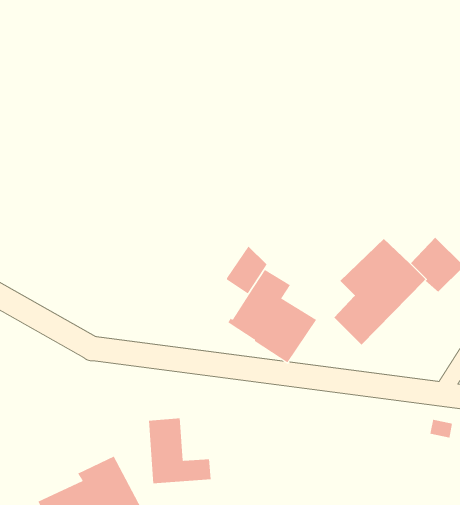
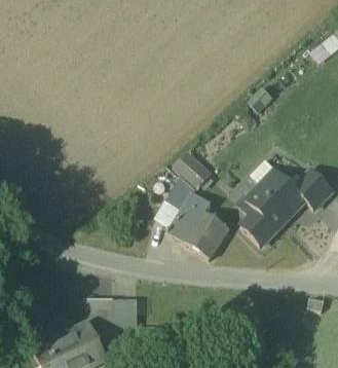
building: none -> [175,152,209,185]
building: none -> [83,294,114,342]

